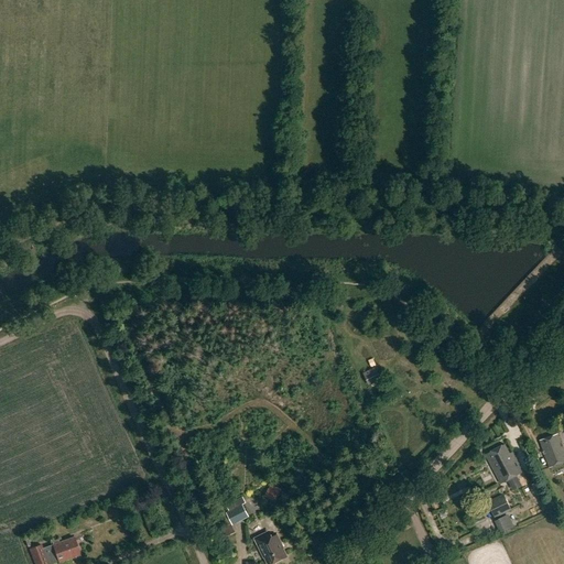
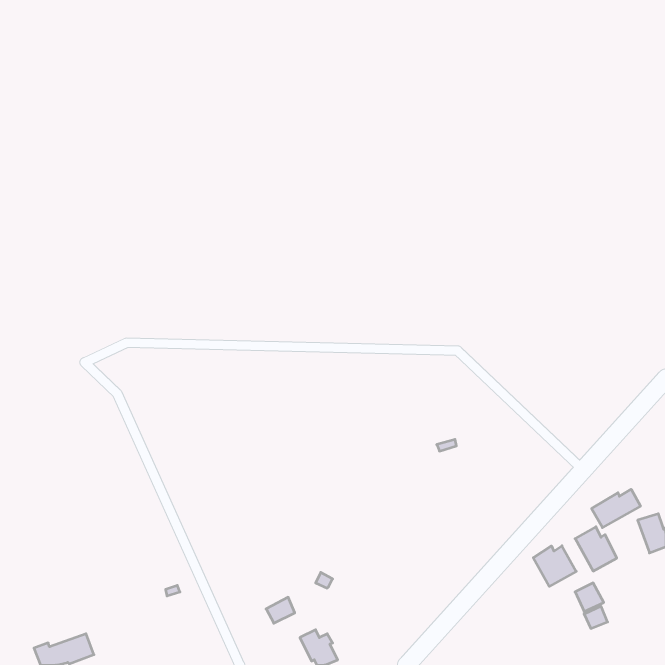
building: none -> [592,489,640,528]
building: none -> [533,546,576,586]

